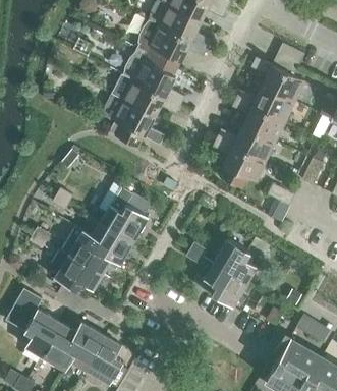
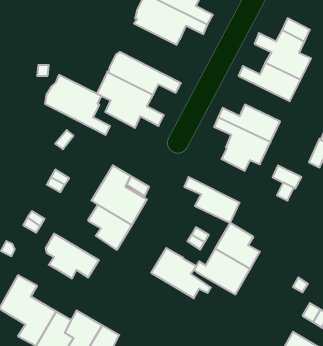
building: [122,48,184,105] -> [45,75,110,135]
building: [231,98,284,142] -> [184,177,240,223]
building: [61,226,118,274] -> [151,248,211,298]

